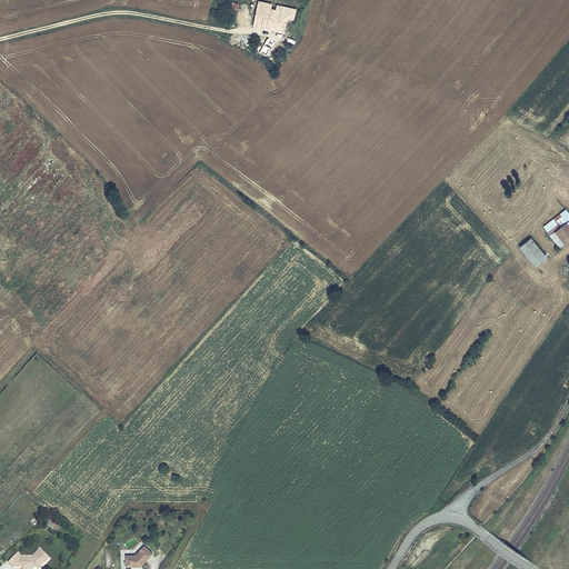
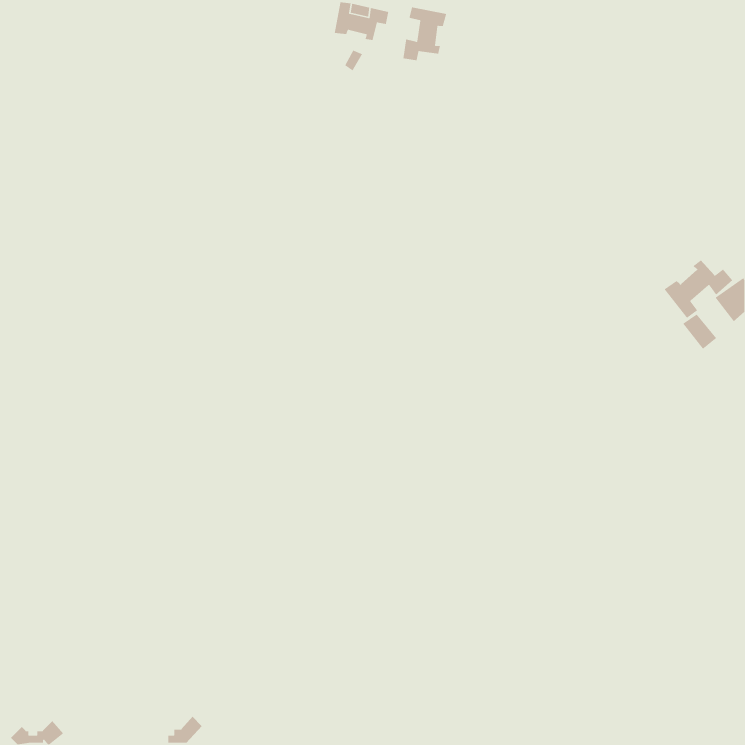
building: none -> [402,6,447,61]
building: none -> [663,260,733,319]

